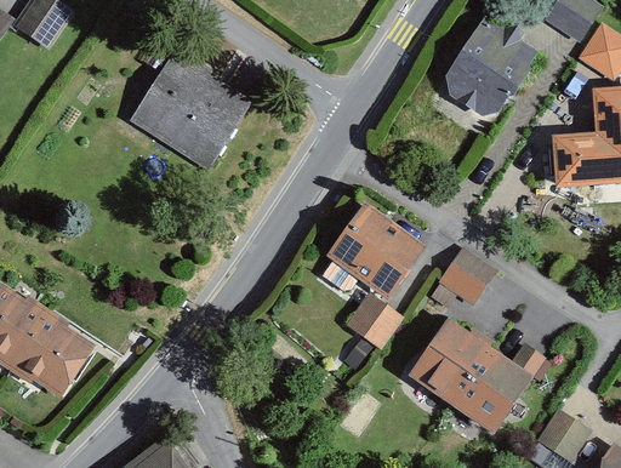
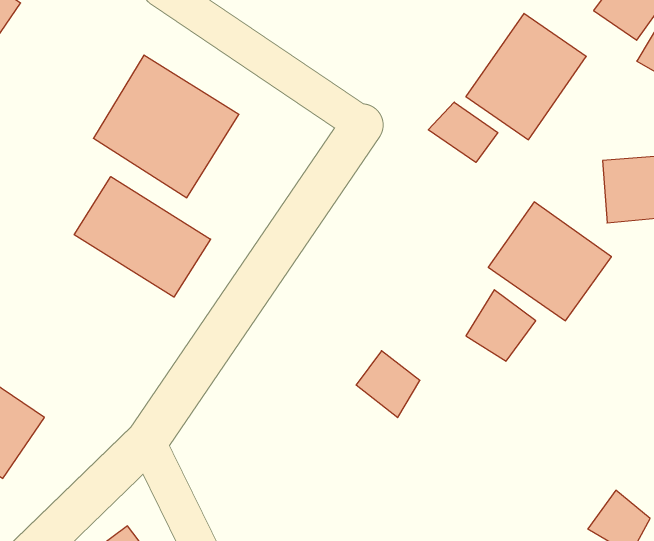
building: none -> [428,102,498,162]
building: none -> [74,177,211,297]
building: [326,202,427,299] -> [488,202,611,321]
building: [405,318,532,435] -> none

